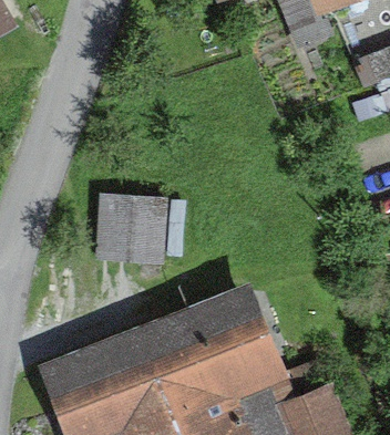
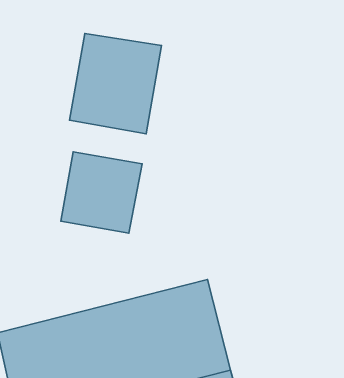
building: none -> [70,33,162,134]

